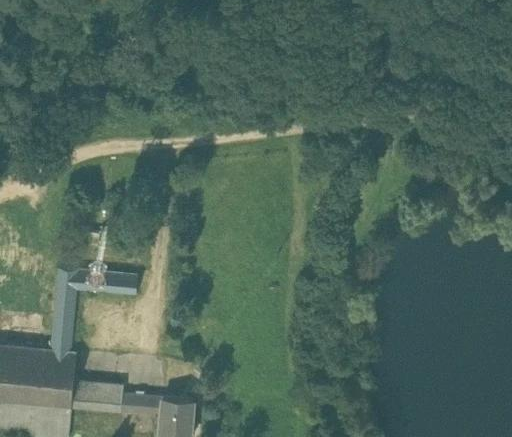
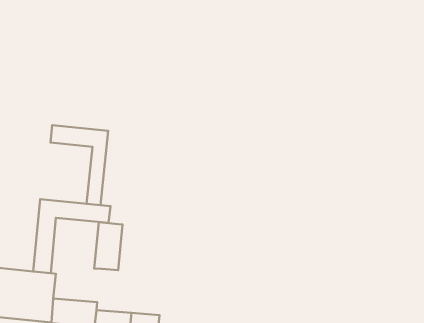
building: none -> [50,125,108,205]
building: none -> [94,222,123,270]

